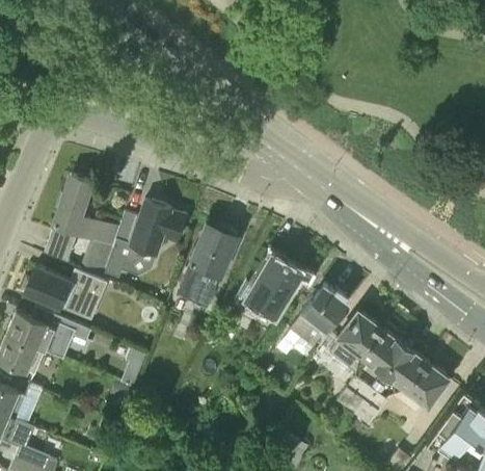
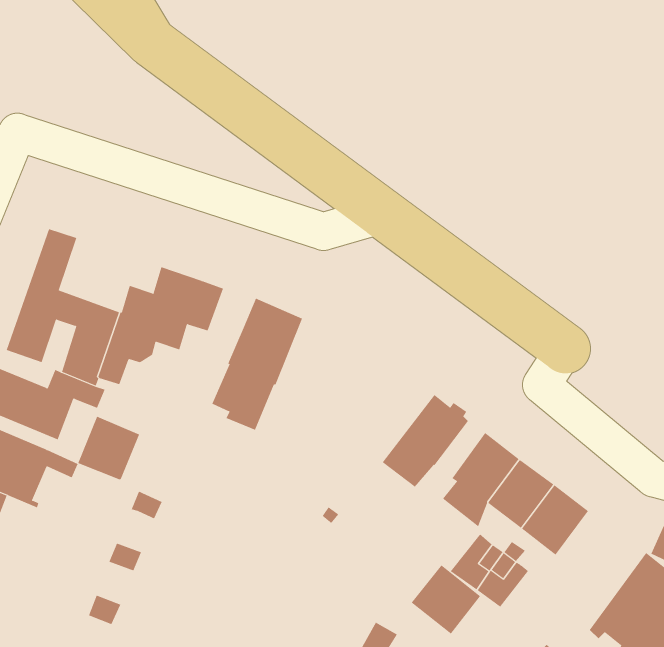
building: [235,255,312,323] -> none
building: none -> [78,416,140,480]
building: [405,363,450,409] -> none
building: none -> [411,565,480,634]

